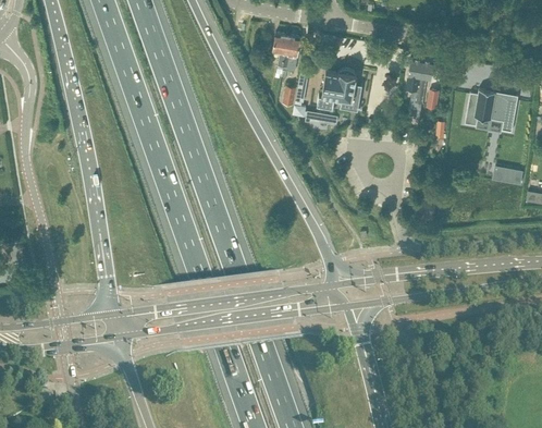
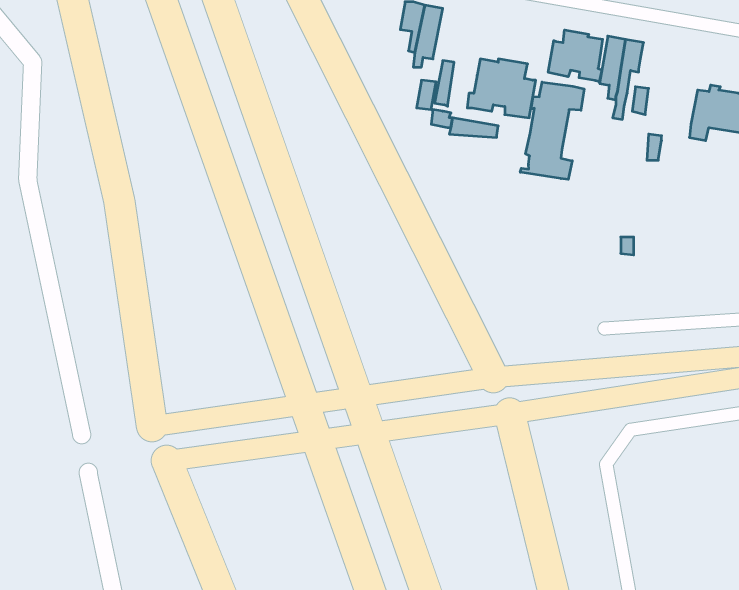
building: none -> [548,30,603,82]
building: none -> [520,82,584,179]

